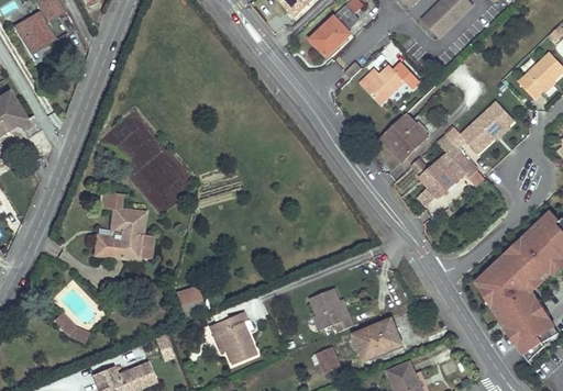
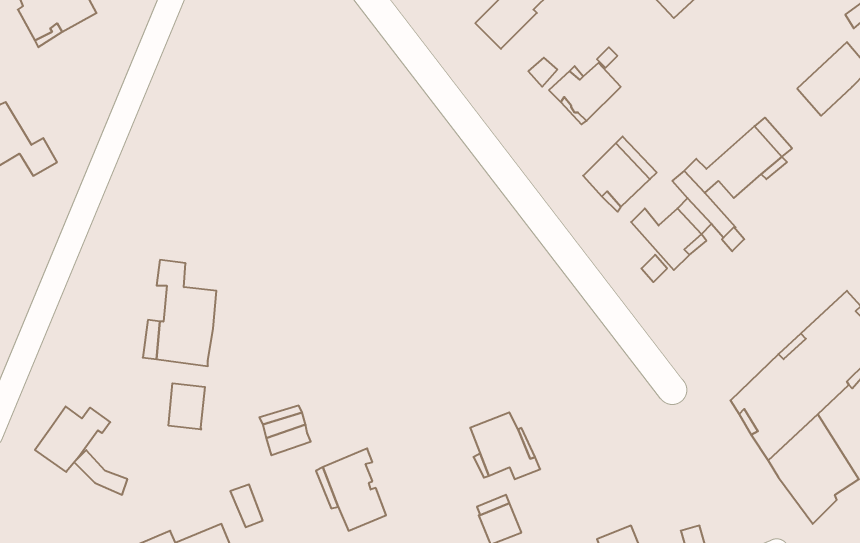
building: none -> [169,383,205,430]
building: none -> [35,406,110,472]
building: [354,317,399,359] -> none

